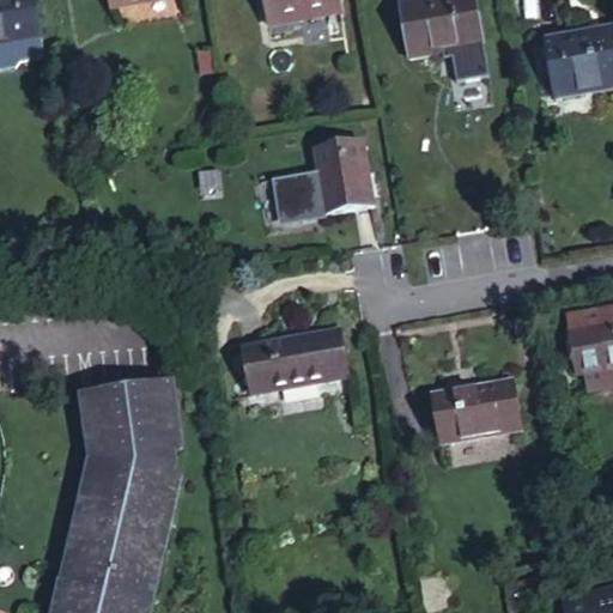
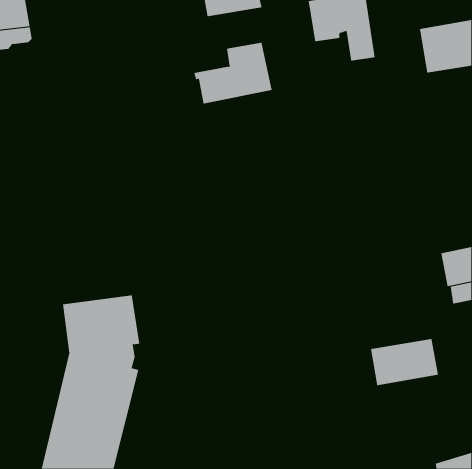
building: [272,140,374,220] -> [194,42,272,104]
building: [241,328,346,392] -> none
building: [431,380,520,441] -> [370,339,439,386]

